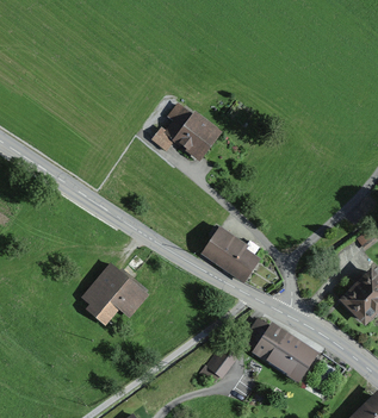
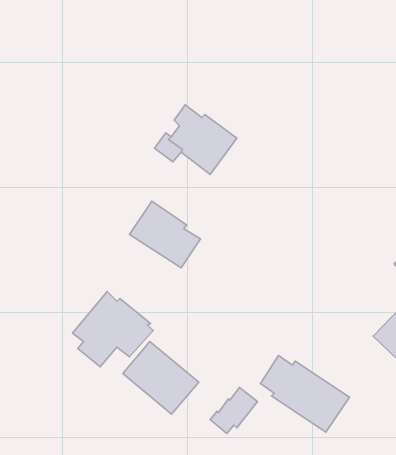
building: [199,225,260,282] -> [129,201,201,268]
building: none -> [123,341,199,414]

